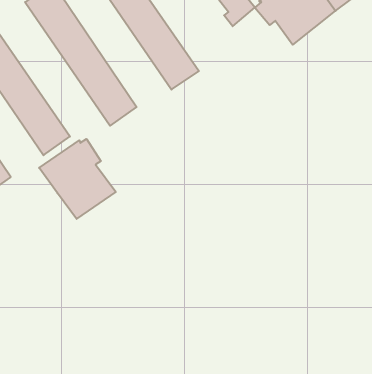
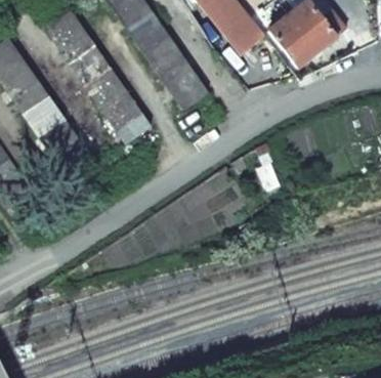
building: [39,139,116,219] -> none

